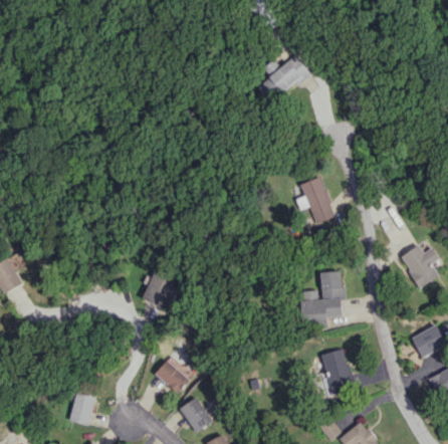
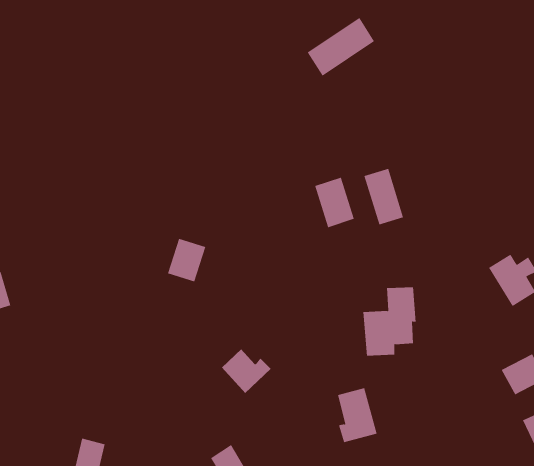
building: none -> [315,177,354,228]
building: [142,272,173,307] -> [167,238,206,282]
building: [321,349,354,393] -> [337,387,377,443]
building: [155,357,195,393] -> [221,349,271,394]

